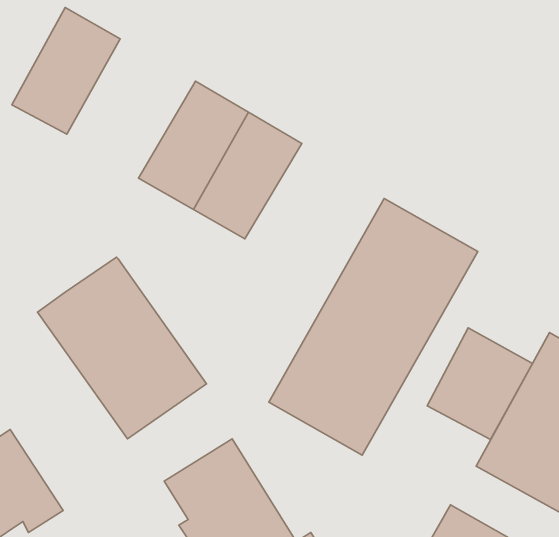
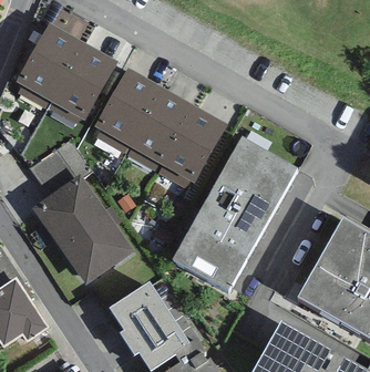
building: none -> [50,43,117,122]
building: none -> [157,106,227,185]
building: none -> [29,140,91,196]
building: [427,328,532,440] -> none

